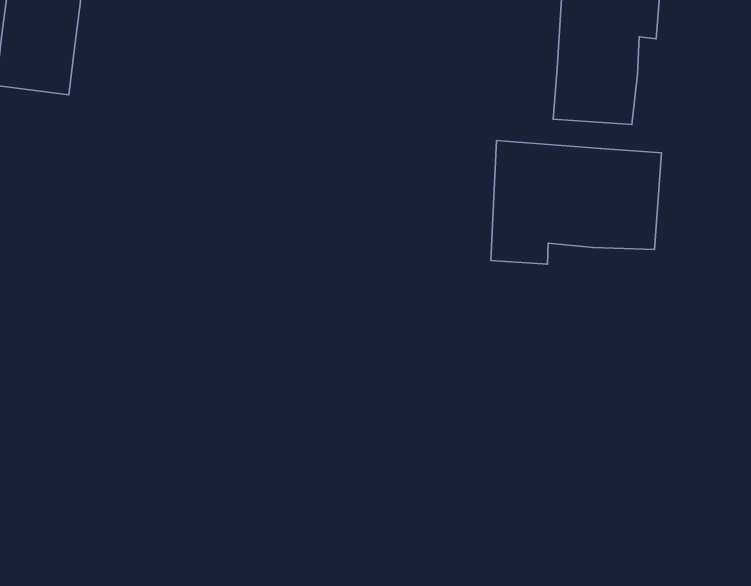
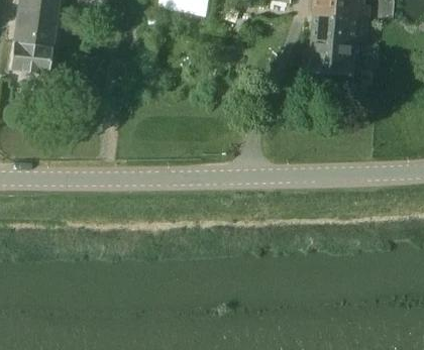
building: [491,140,662,264] -> none

